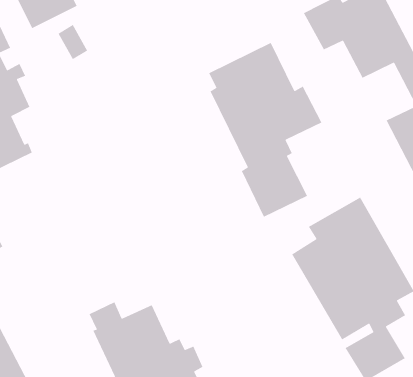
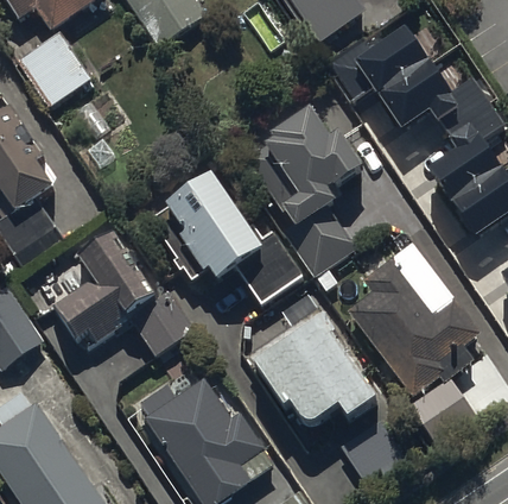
building: none -> [152,176,301,302]
building: none -> [53,234,196,357]
building: none -> [249,313,376,429]

